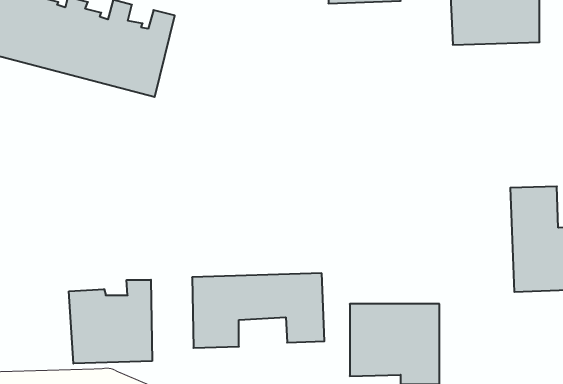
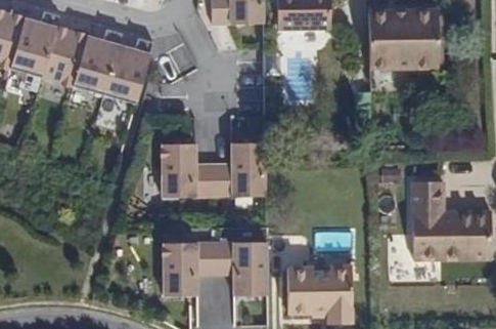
building: none -> [163,140,264,197]
building: [69,280,152,364] -> none

